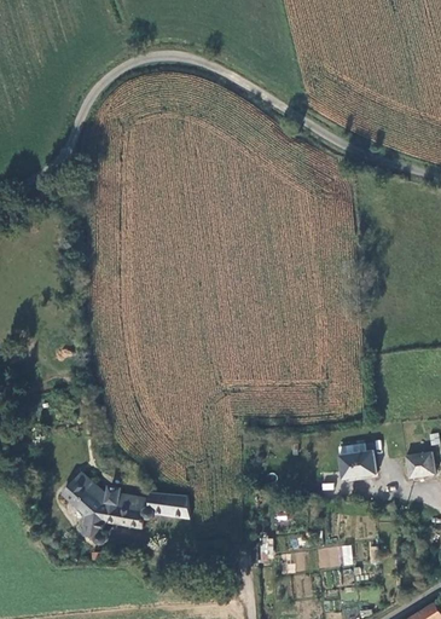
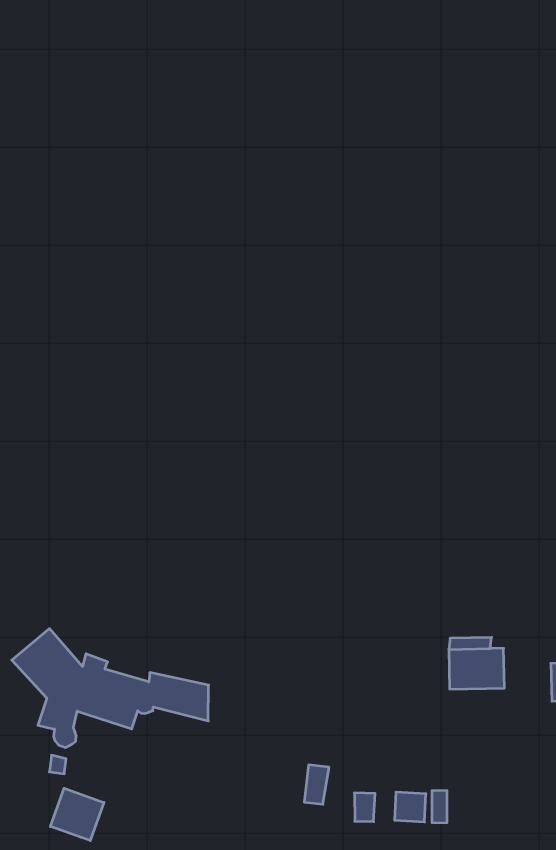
building: none -> [50,788,104,841]

